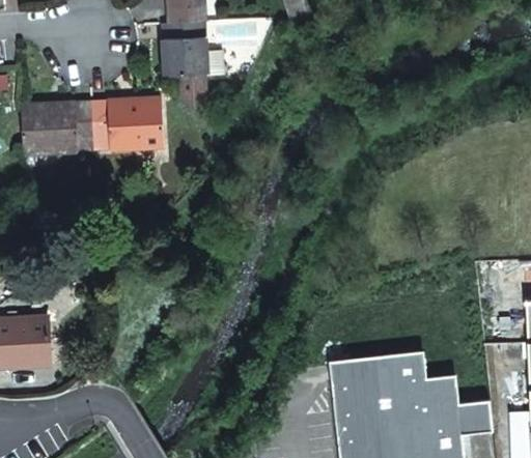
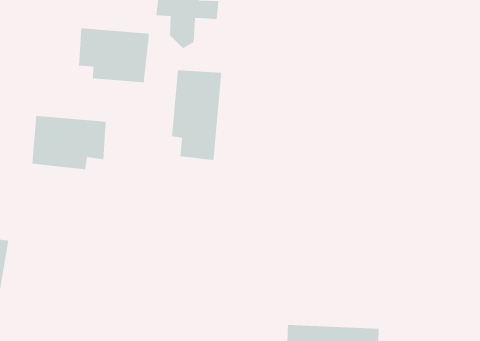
building: [17,98,91,151] -> [31,115,107,170]
building: none -> [171,69,222,161]

